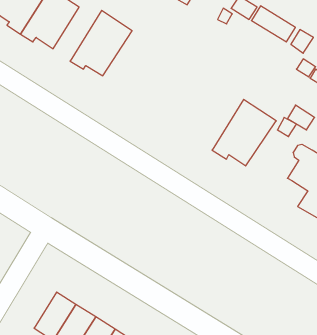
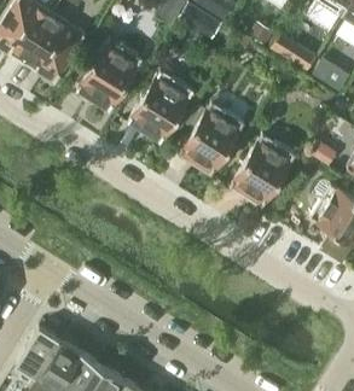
building: none -> [126,70,195,140]
building: none -> [178,101,245,173]
building: none -> [16,326,62,378]

